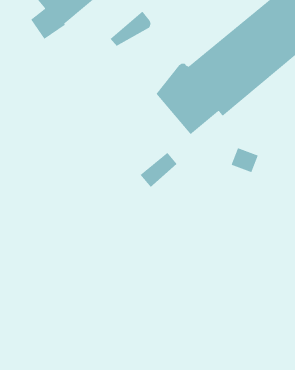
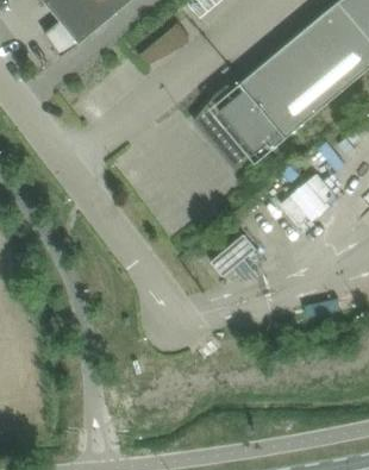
building: [139,152,177,188] -> [211,233,256,276]

